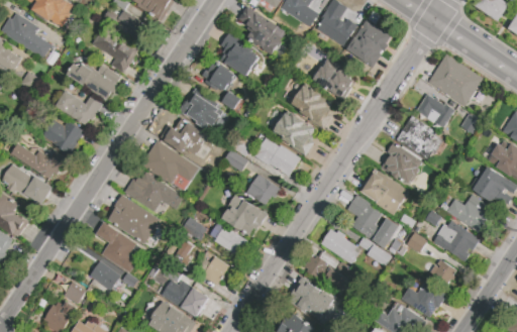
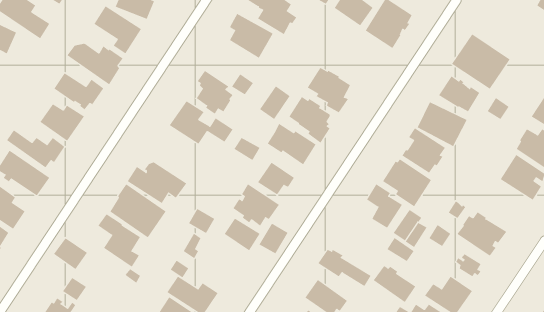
building: [313,62,354,96] -> none
building: [206,66,235,98] -> [259,85,291,120]
building: [140,139,198,184] -> none
building: [446,194,498,235] -> none
building: [321,229,361,264] -> [373,265,416,303]
building: [201,257,229,287] -> [258,223,289,254]
building: [89,260,121,291] -> [53,238,88,270]

